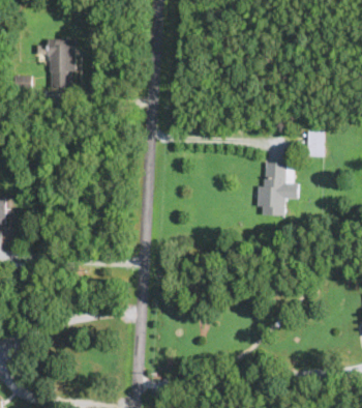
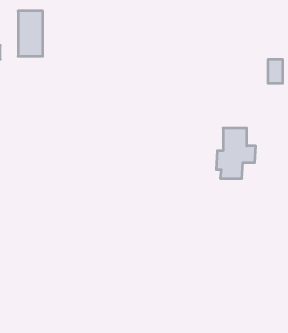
building: [307,132,323,156] -> [268,60,283,83]

